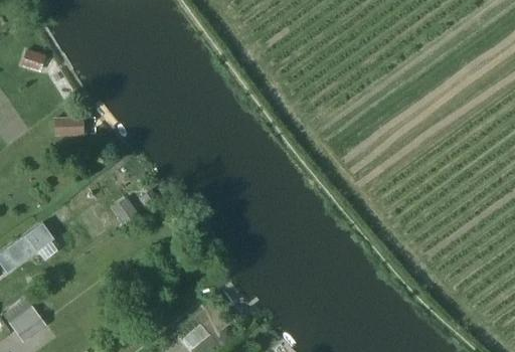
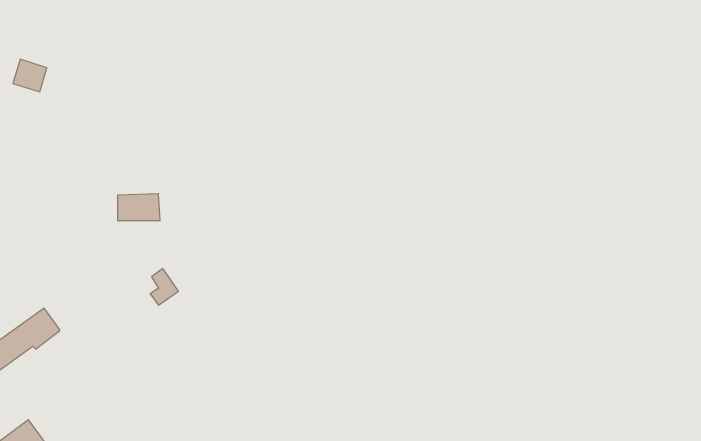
building: [54,117,84,136] -> [118,194,160,221]

